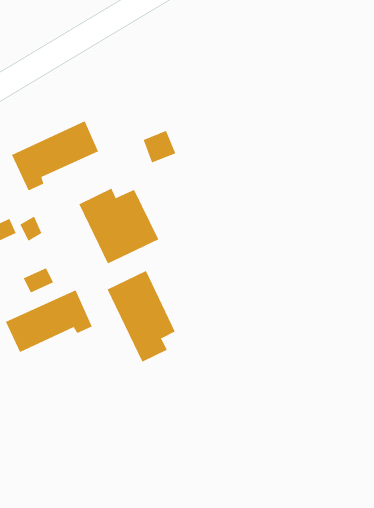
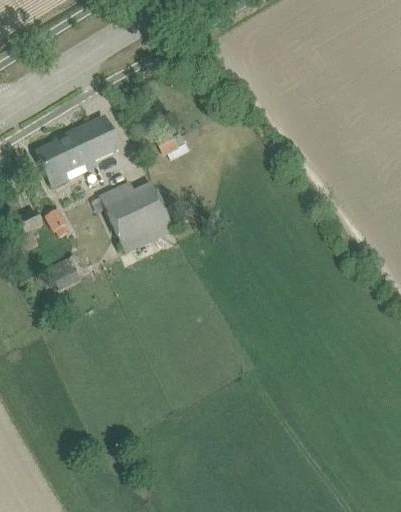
building: [107,270,175,362] -> none
building: [5,289,93,353] -> none

